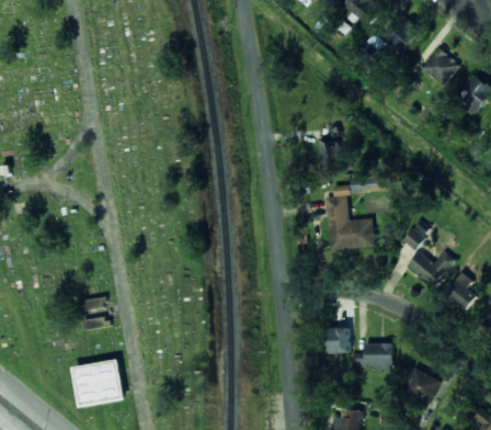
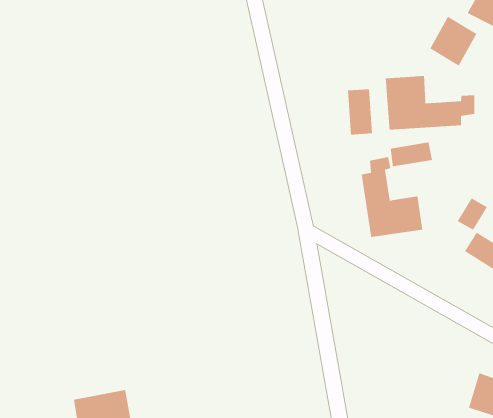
building: none -> [429,16,477,67]
building: none -> [385,75,475,131]
building: [328,327,350,353] -> none
building: [356,343,392,370] -> none

